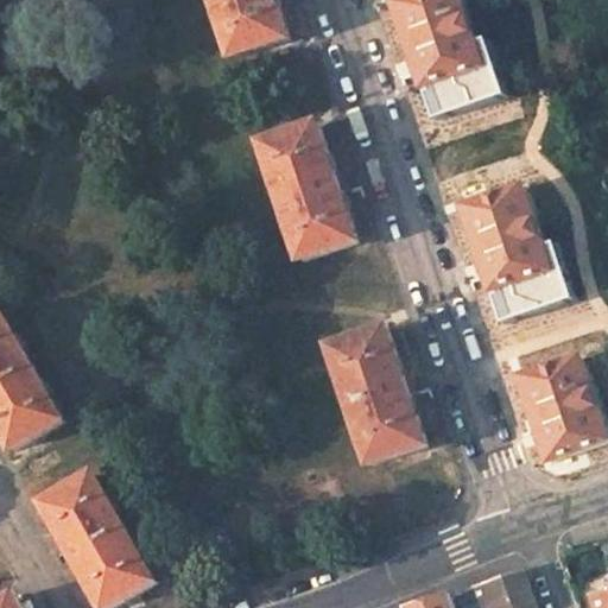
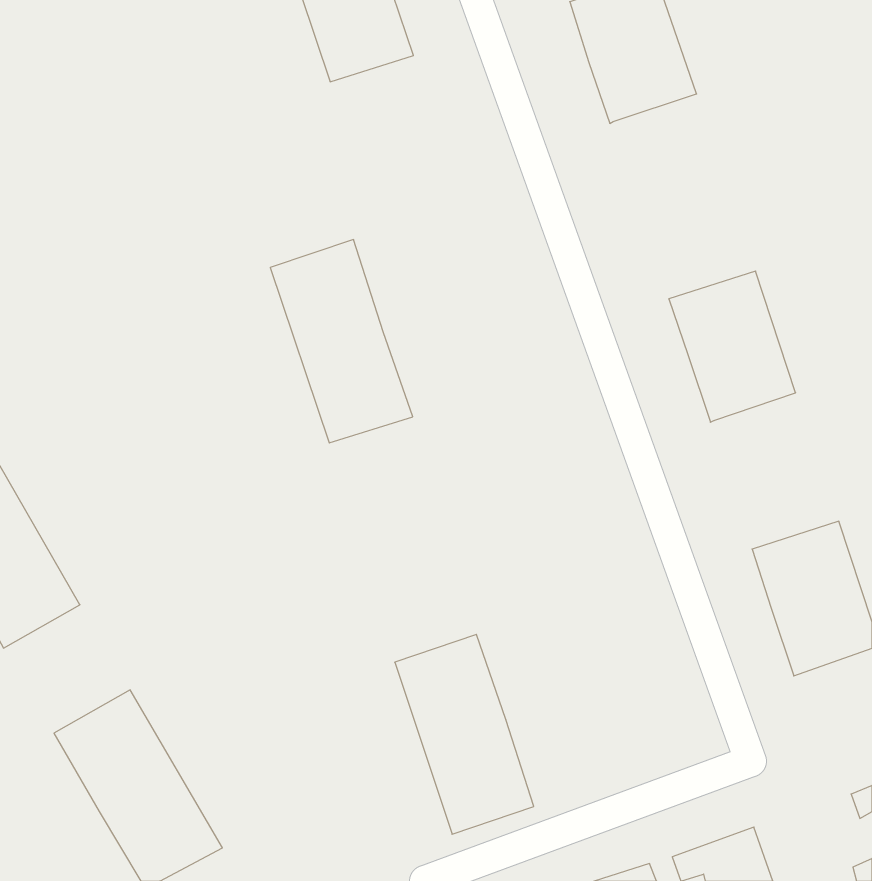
building: [419,61,498,115] -> none
building: [254,121,352,260] -> [270,240,413,443]
building: [488,265,568,321] -> none
building: [323,324,418,461] -> [395,634,534,834]

